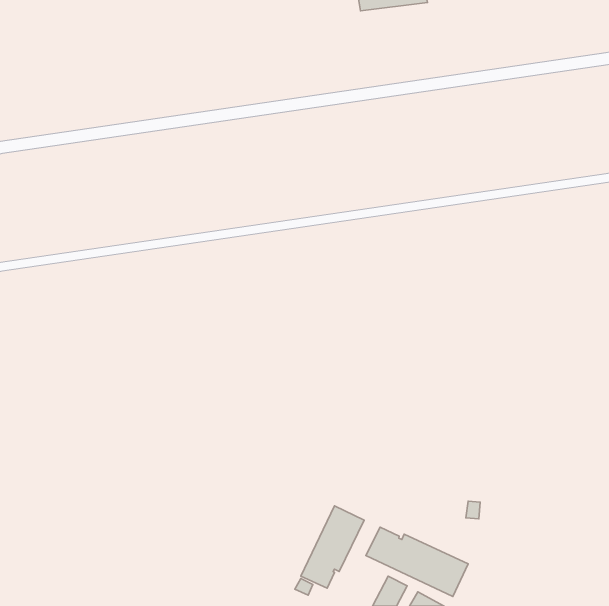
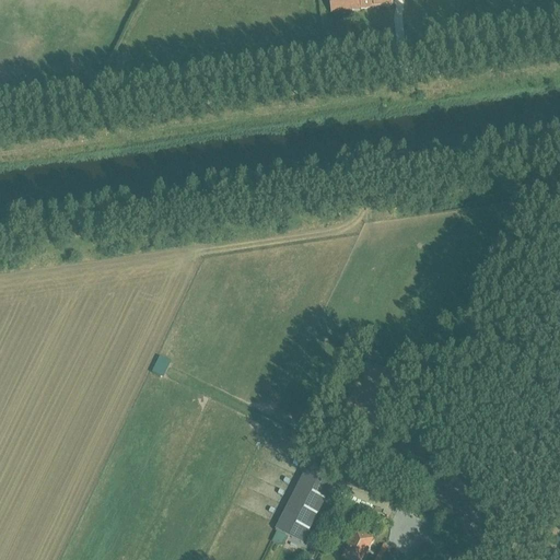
building: [366,527,468,597] -> none

